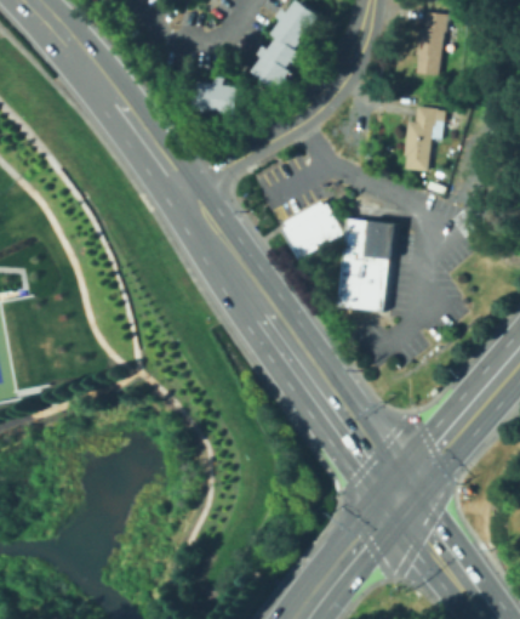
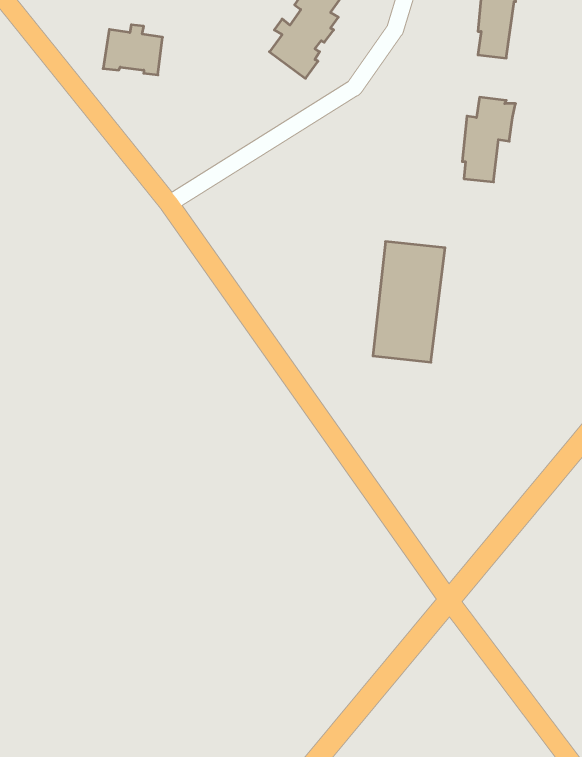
building: [196,76,242,115] -> [103,25,163,75]
building: [279,201,341,259] -> none

